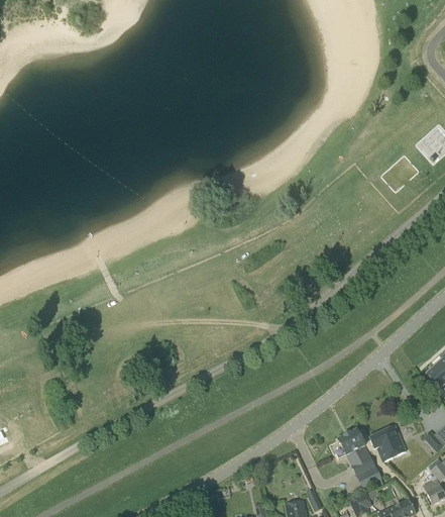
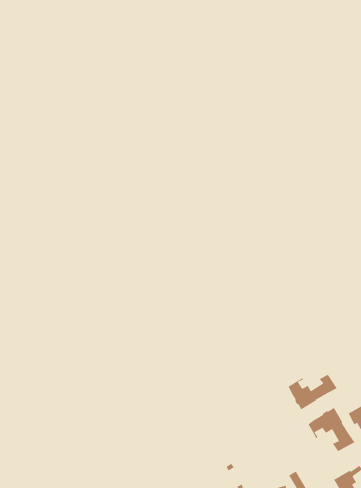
building: none -> [288,374,338,411]

